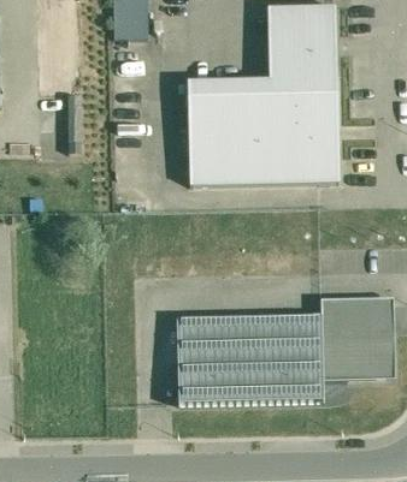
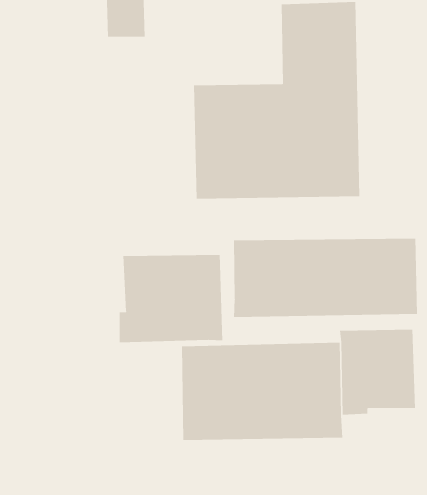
building: none -> [233,238,417,318]
building: none -> [119,254,223,343]

